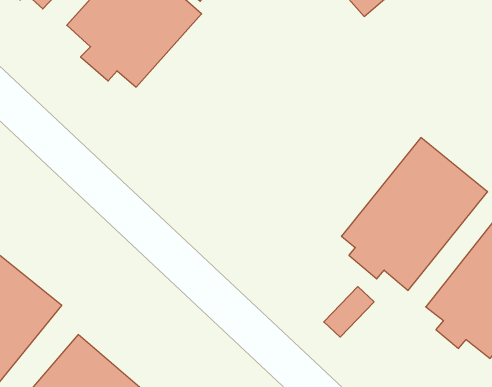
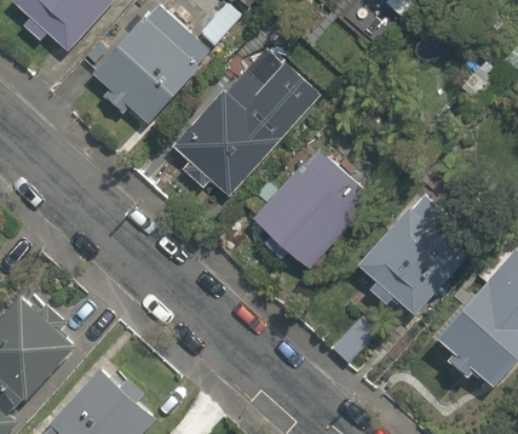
building: none -> [172,50,321,194]
building: none -> [253,147,369,265]

